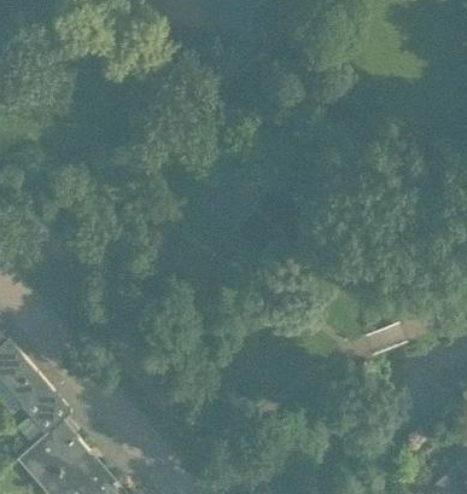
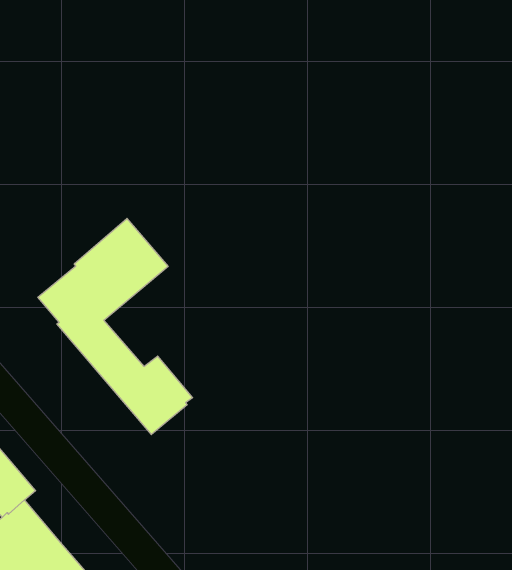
building: none -> [38,218,193,435]

